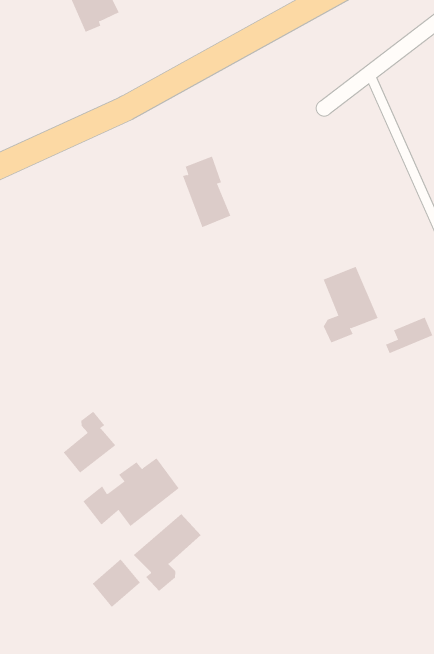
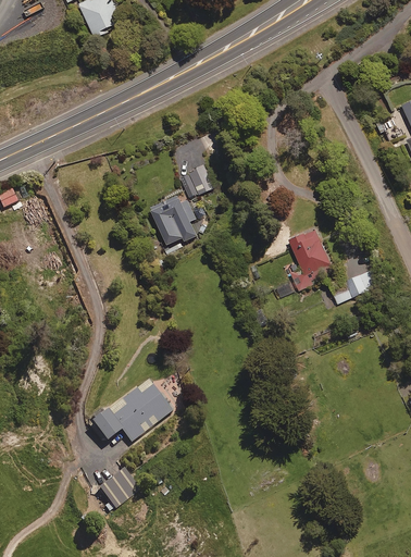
building: none -> [151,196,203,244]
building: [63,411,116,473] -> none
building: [133,513,202,592] -> none

